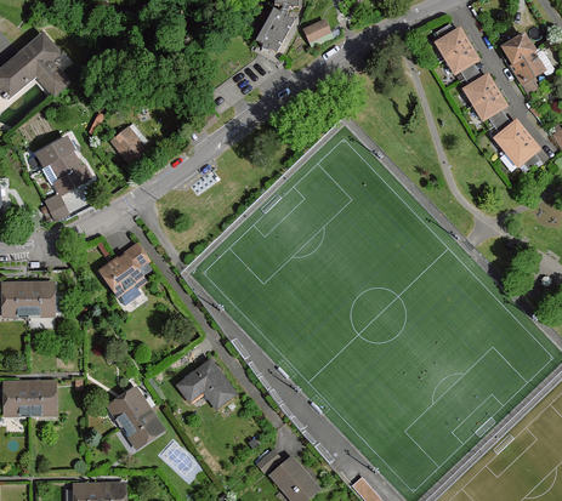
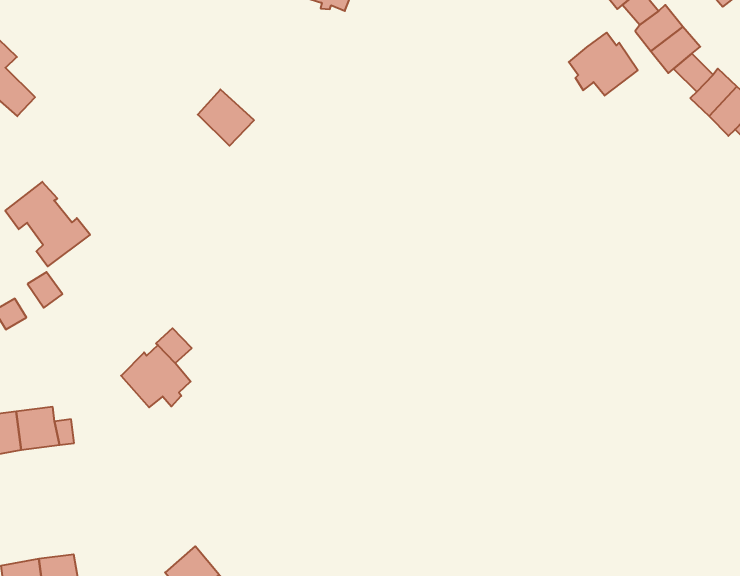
building: none -> [569,33,638,96]
building: [110,127,147,165] -> [198,89,254,146]
building: [176,360,234,409] -> none

